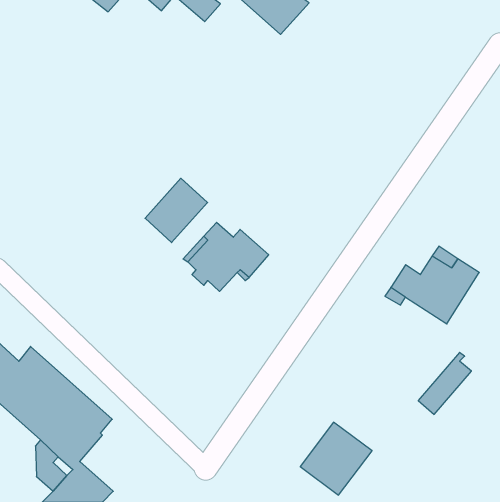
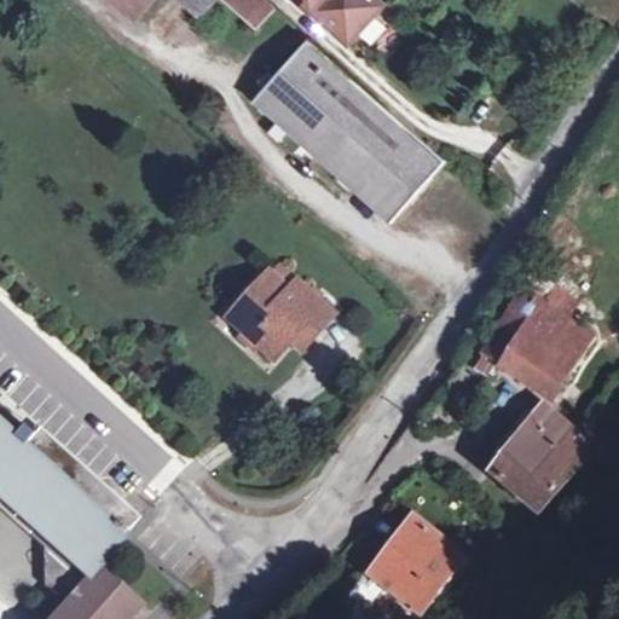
building: none -> [251,37,444,222]
building: [145,178,208,243] -> none
building: none -> [488,410,565,492]

